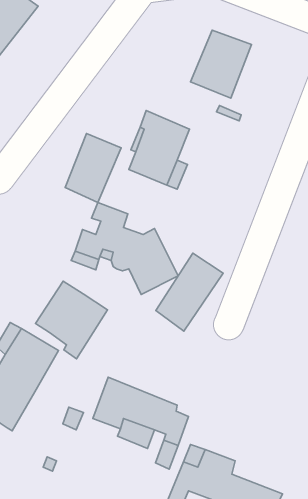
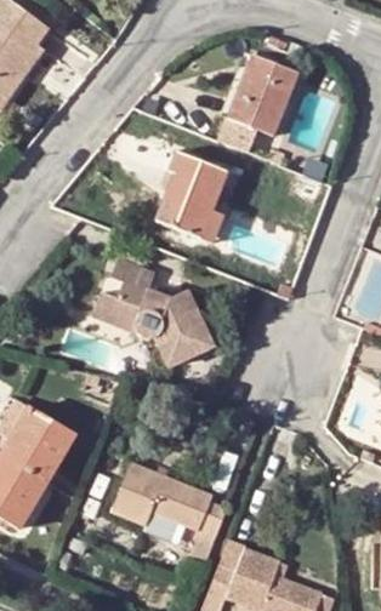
building: [65,134,121,203] -> none
building: [156,253,223,331] -> none
building: [35,281,107,359] -> none

